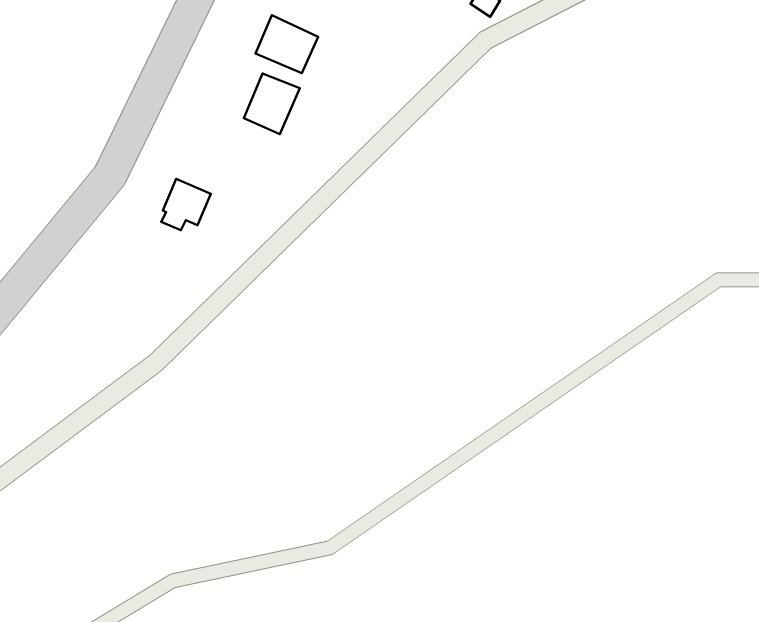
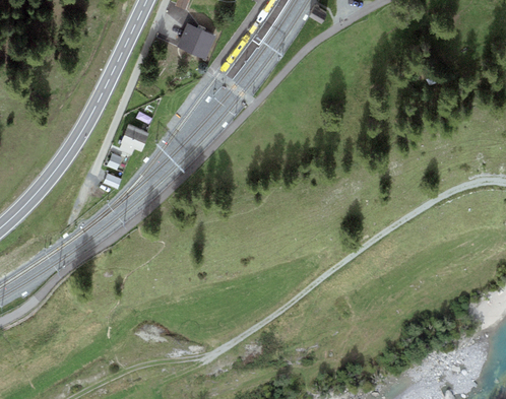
building: [244,74,300,134] -> none

